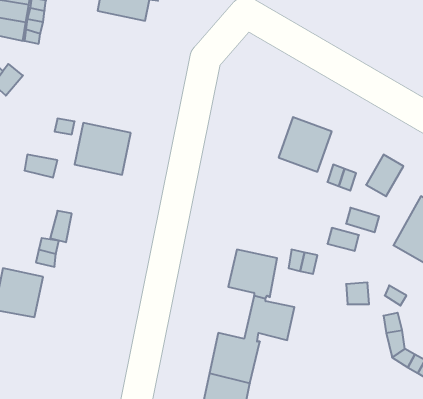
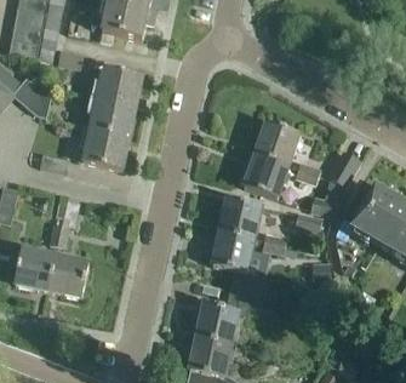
building: none -> [90,65,147,133]
building: none -> [244,154,287,196]
building: none -> [219,196,262,239]
building: none -> [48,255,88,296]

